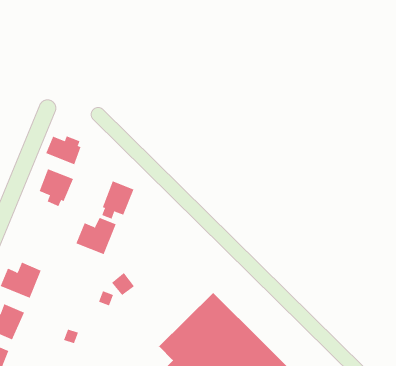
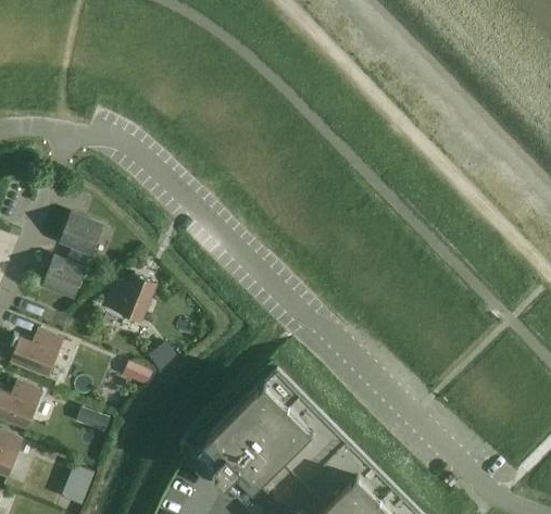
building: [45,135,81,165] -> none
building: [101,180,134,219] -> none
building: none -> [40,258,84,301]

